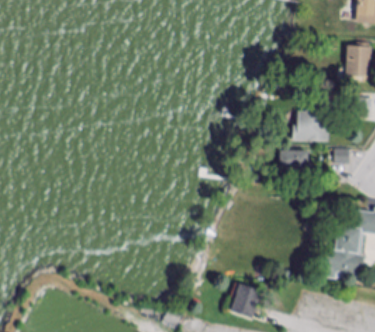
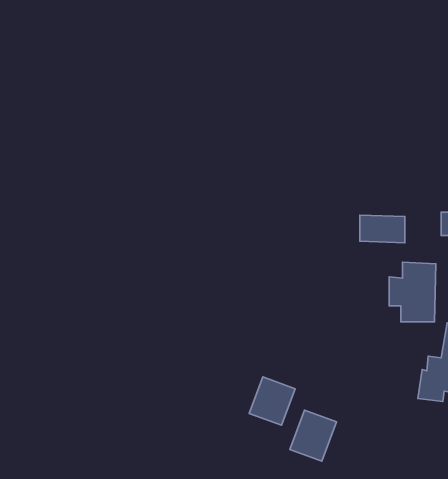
building: [297,101,329,142] -> [389,262,436,322]
building: none -> [249,377,295,425]

